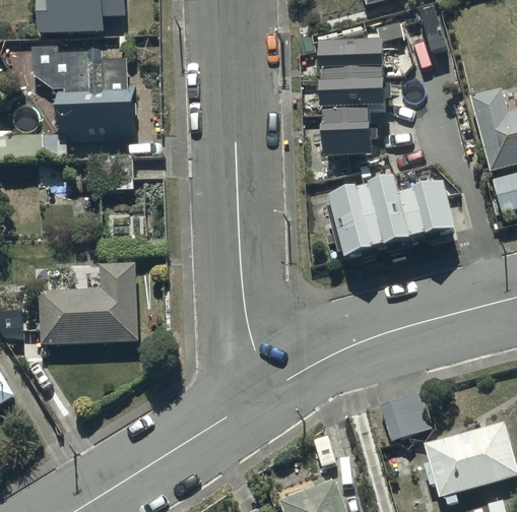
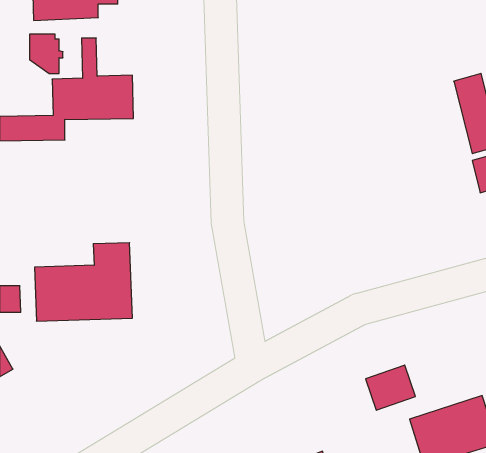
building: [318,40,382,156] -> none
building: [326,179,453,258] -> none

